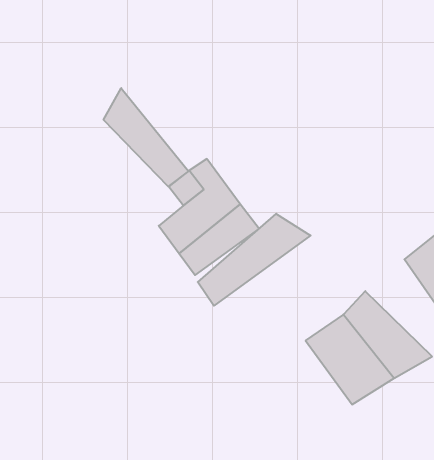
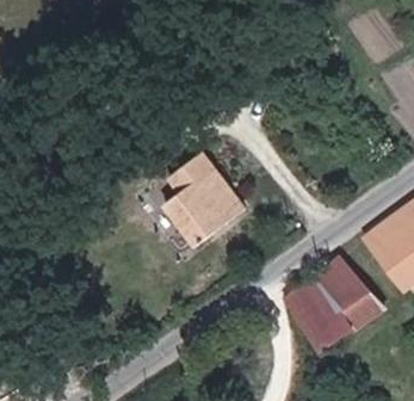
building: [104,88,189,187] -> none
building: [198,214,311,306] -> none

